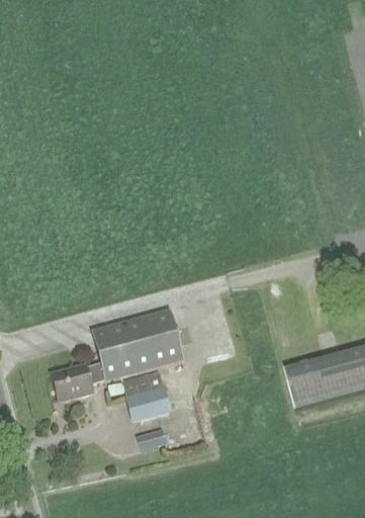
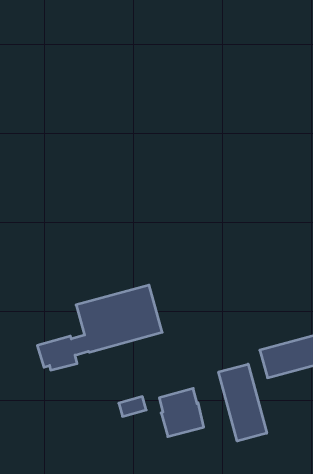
building: [121,368,169,420] -> [159,388,204,437]
building: none -> [219,364,267,441]

